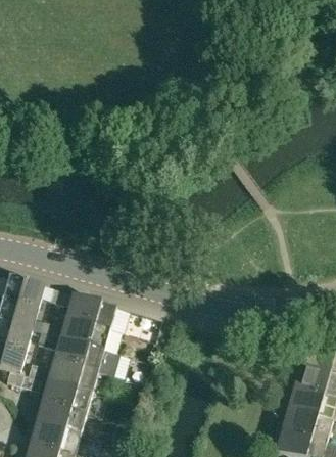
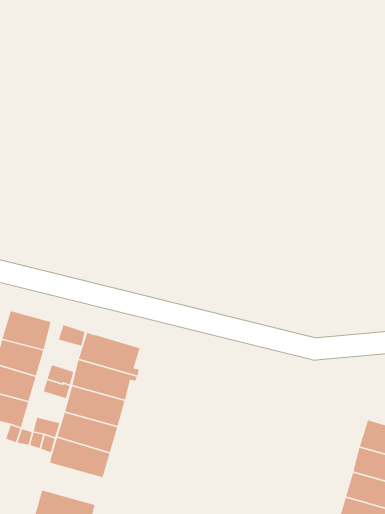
building: [37,400,87,433] -> none

